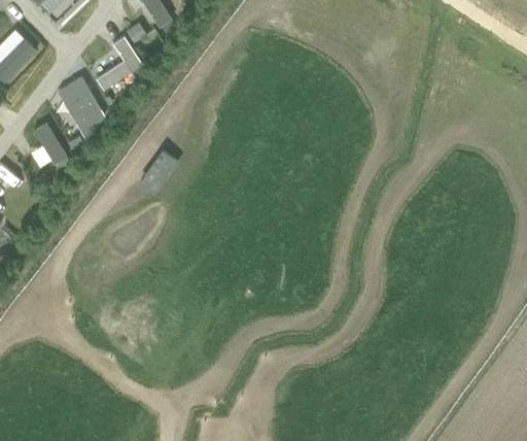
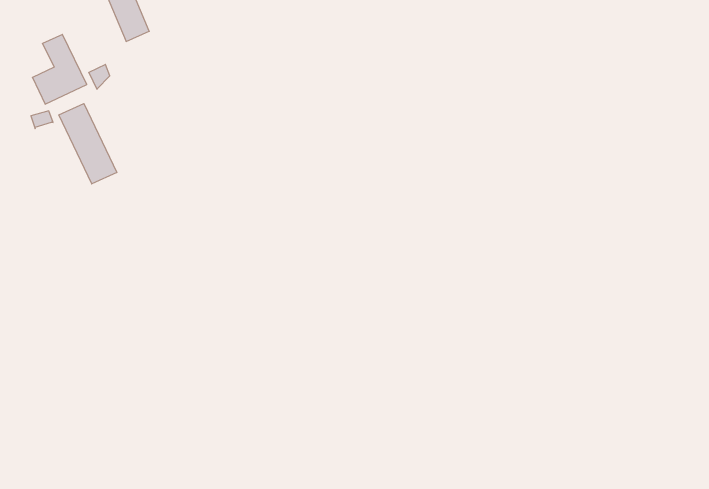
building: none -> [59,104,117,184]

